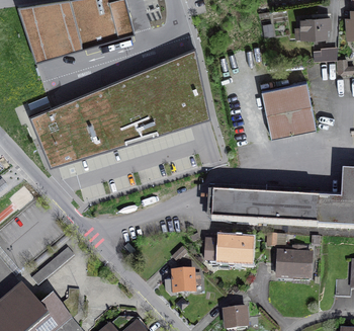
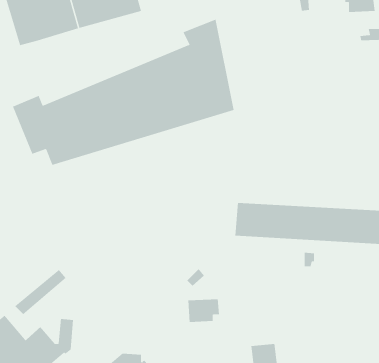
building: [262,80,317,137] -> none
building: [205,239,251,264] -> none
building: [278,246,312,277] -> none

